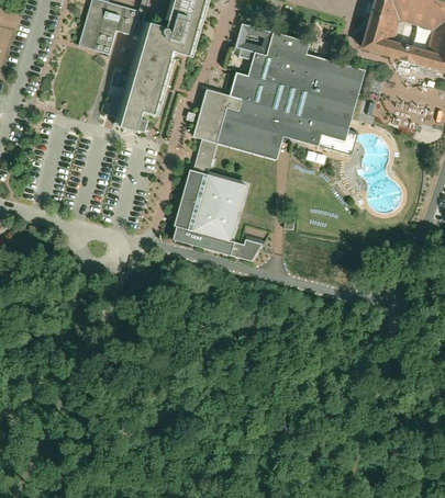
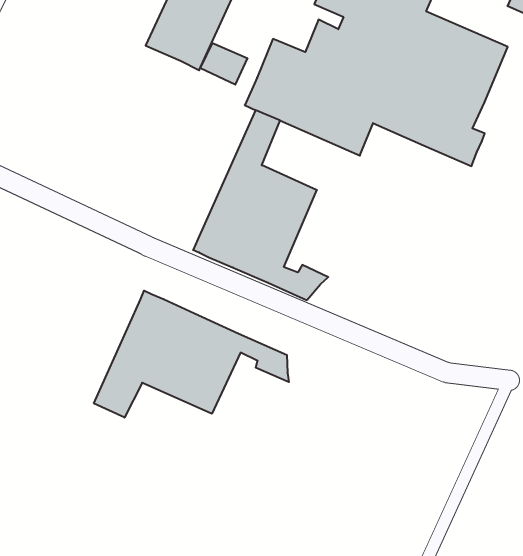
building: [114,107,145,133] -> [200,43,248,85]
building: none -> [94,291,289,418]

